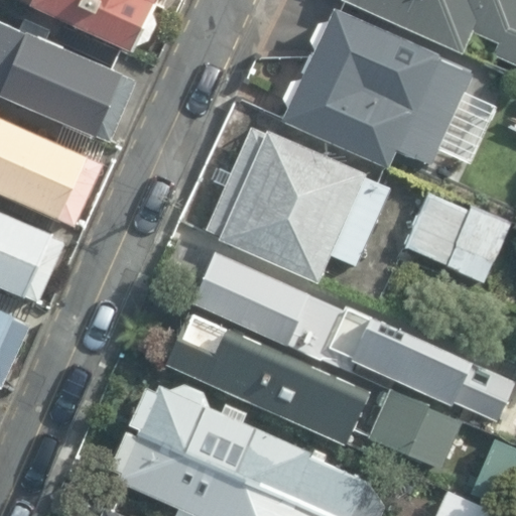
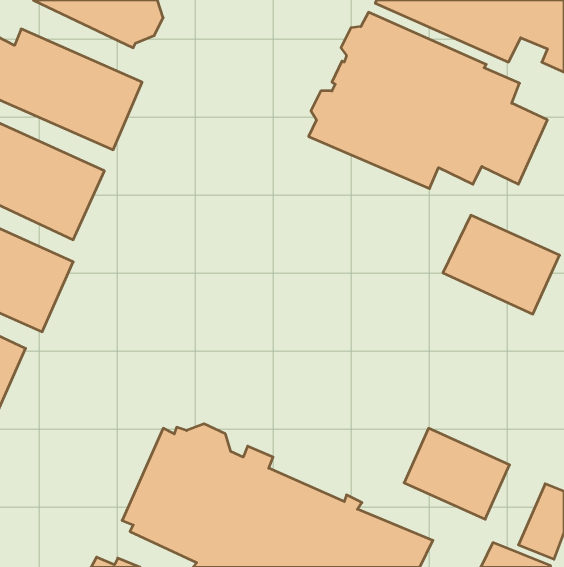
building: [205,129,391,286] -> none
building: [192,253,473,409] -> none
building: [164,311,373,448] -> none

